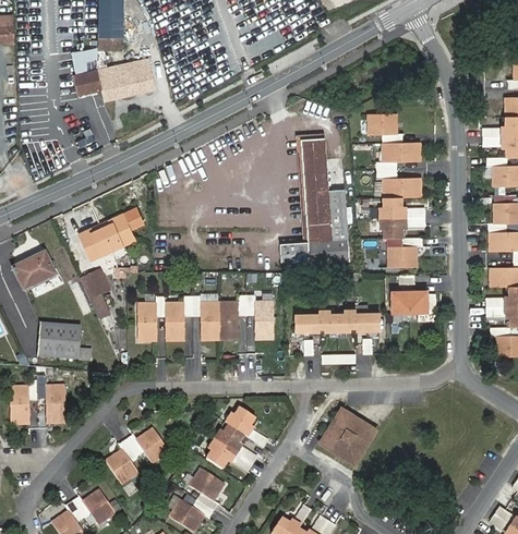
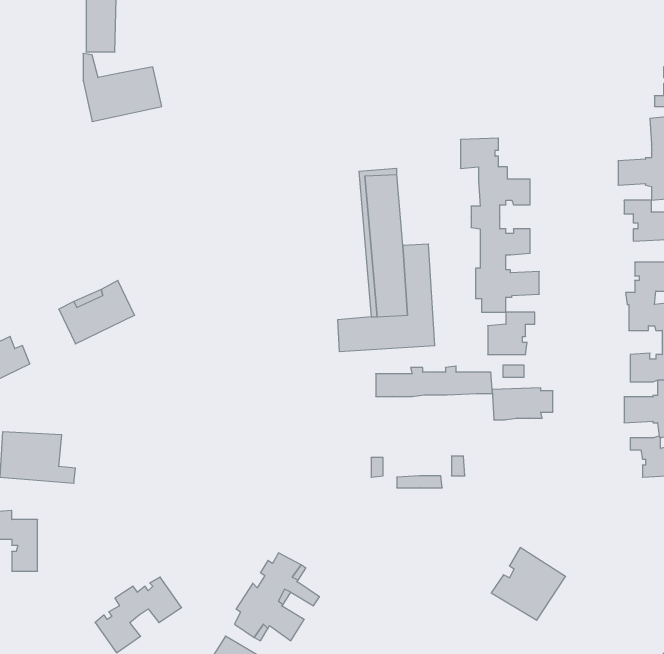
building: [74,70,101,94] -> none
building: [80,268,112,319] -> none
building: [137,294,274,340] -> none
building: [296,310,380,331] -> [376,366,492,396]
building: [321,410,374,462] -> [491,548,566,620]

